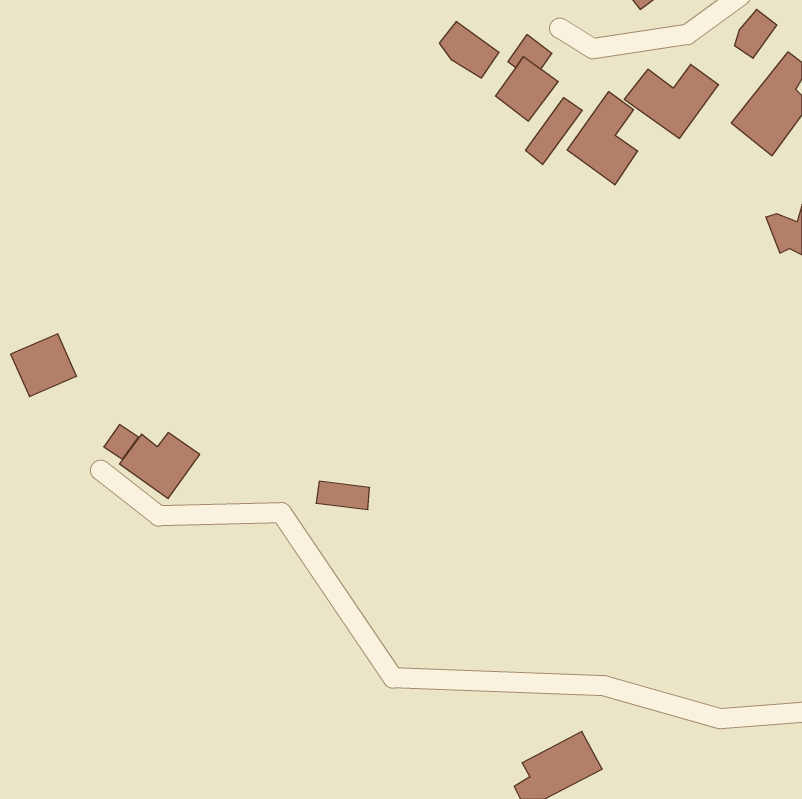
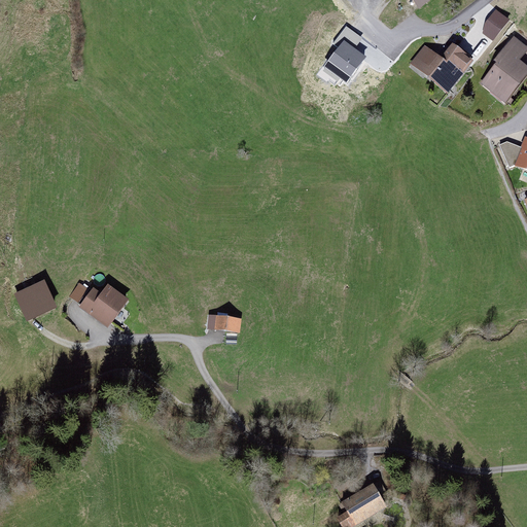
building: [440,21,499,78] -> none
building: [567,92,638,185] -> none
building: [526,98,582,165] -> none
building: [11,334,77,397] -> [14,281,58,322]

